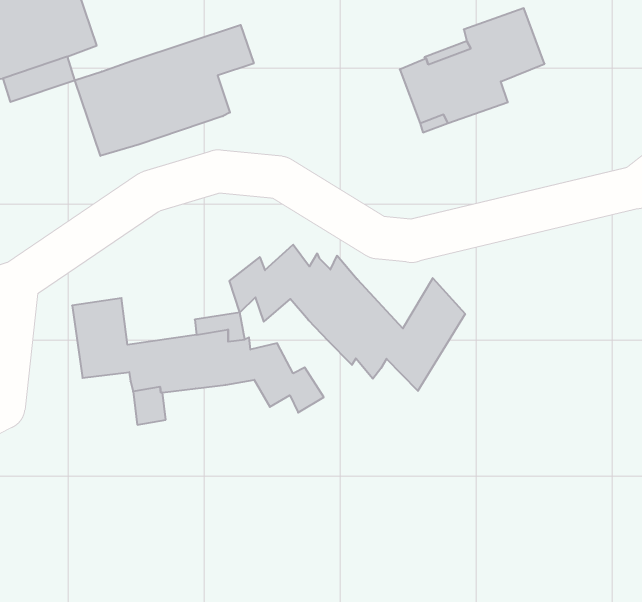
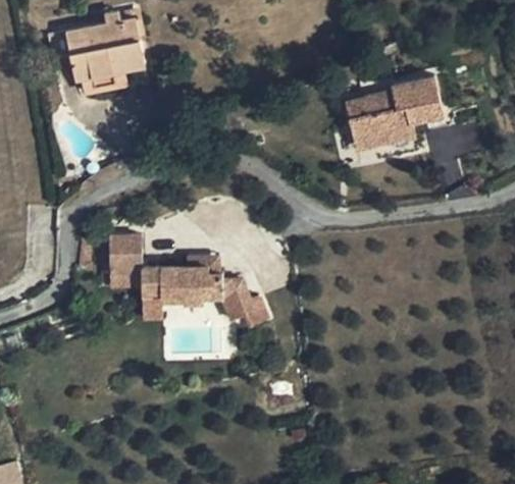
building: [75,25,254,156] -> none
building: [229,245,465,391] -> none

